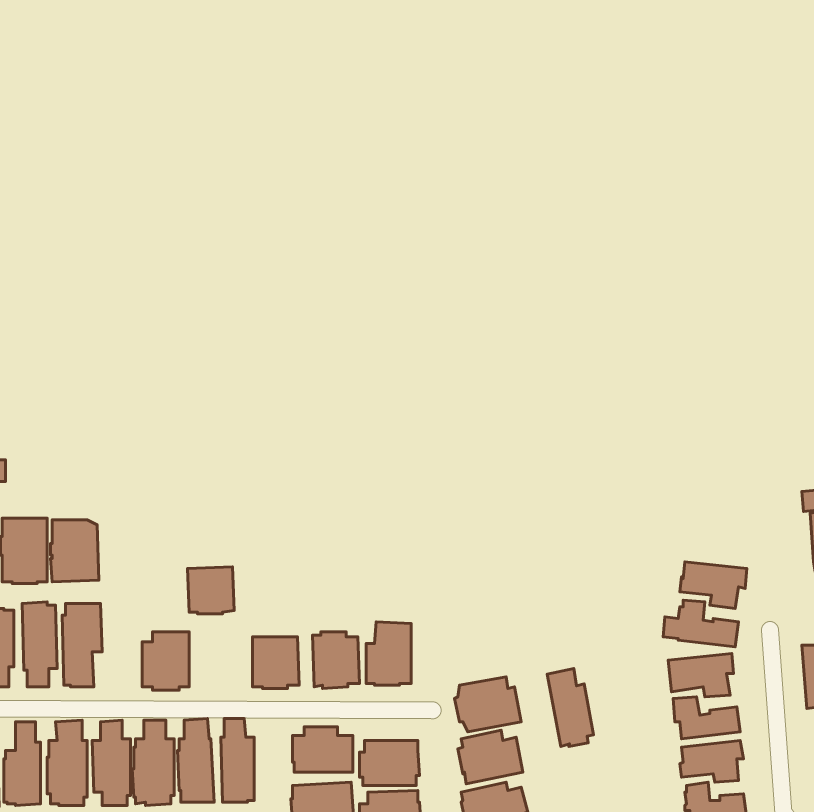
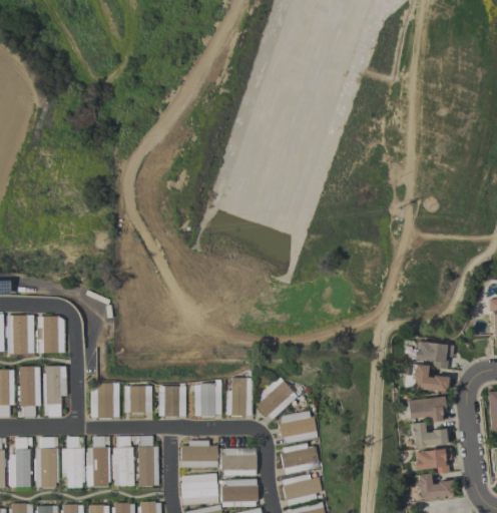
building: [187,567,234,614] -> [123,385,151,413]
building: none -> [257,375,298,420]
building: [547,669,594,747] -> none

